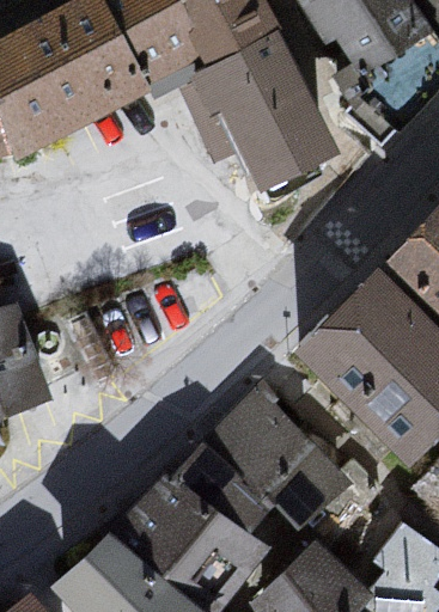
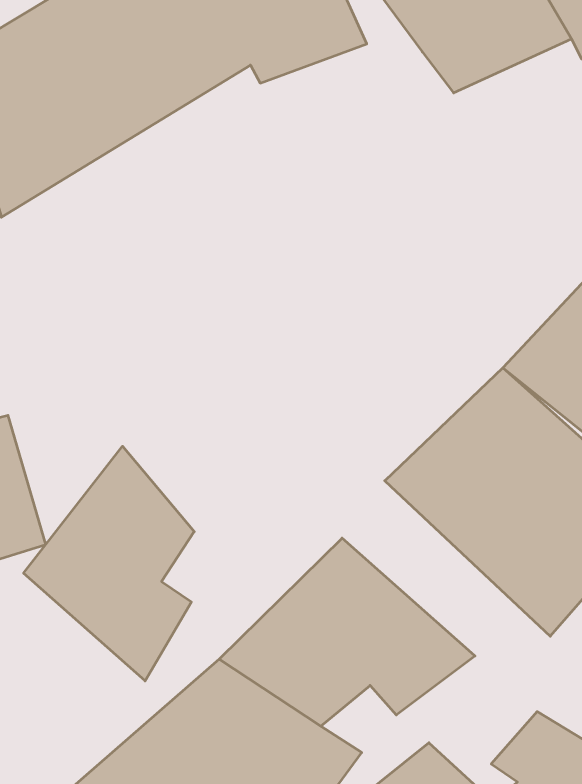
building: [202,35,337,190] -> none
building: none -> [24,446,194,681]

